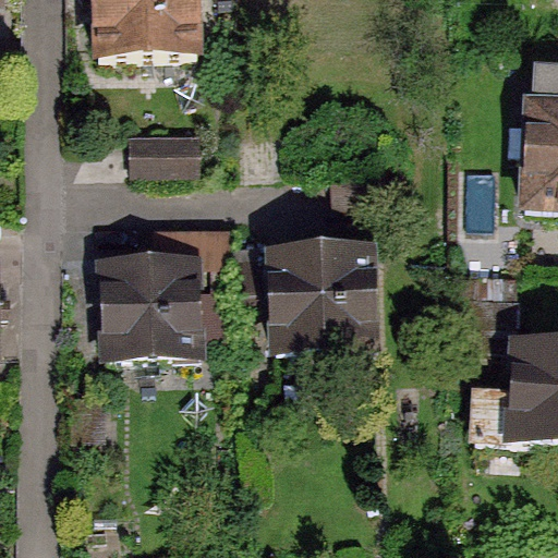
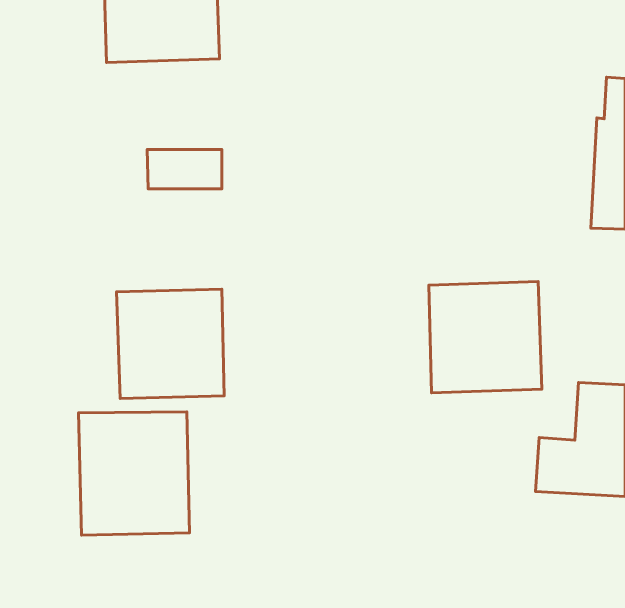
building: [272,251,373,350] -> [429,281,542,393]
building: none -> [78,412,190,535]

